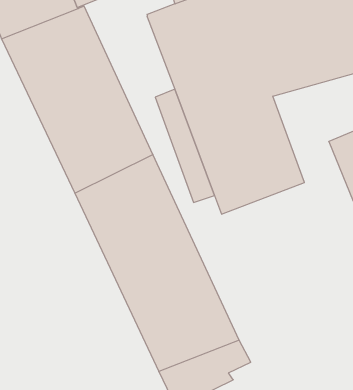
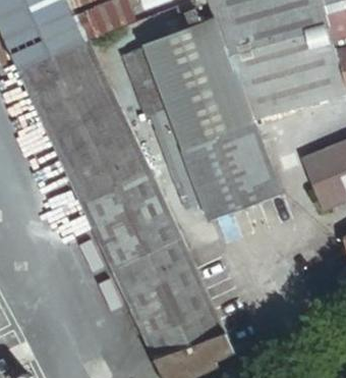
building: none -> [122,49,168,121]

